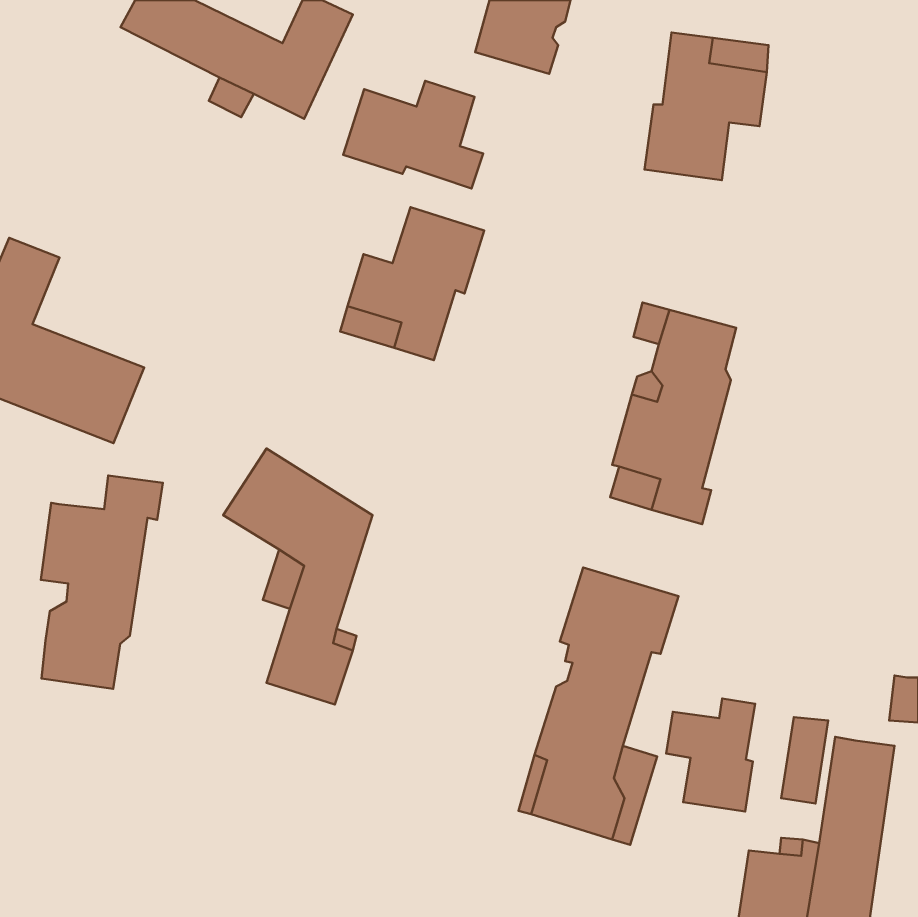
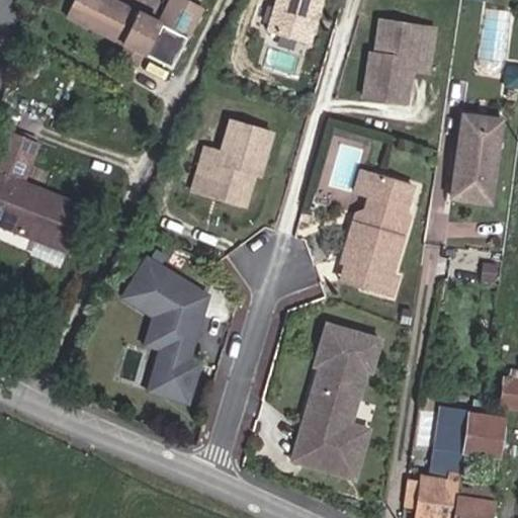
building: [343,81,483,188] -> none
building: none -> [450,117,500,204]
building: [41,475,163,689] -> none
building: [666,699,755,812] -> none

